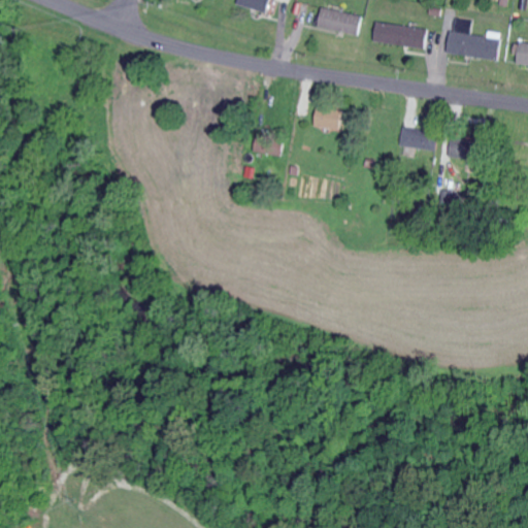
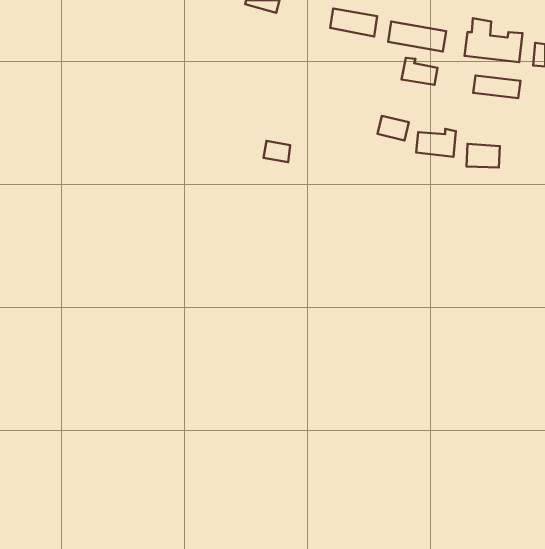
building: none -> [401,58,438,85]
building: none -> [473,76,521,98]
building: [312,107,342,131] -> [378,116,409,140]

